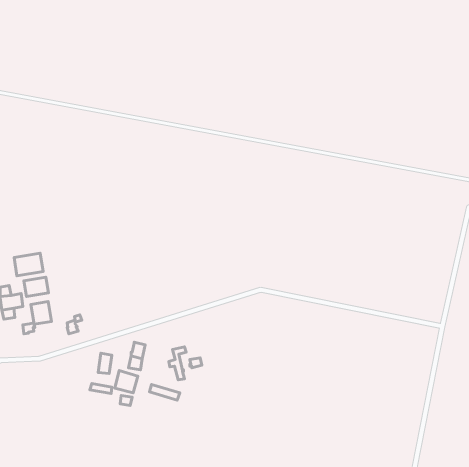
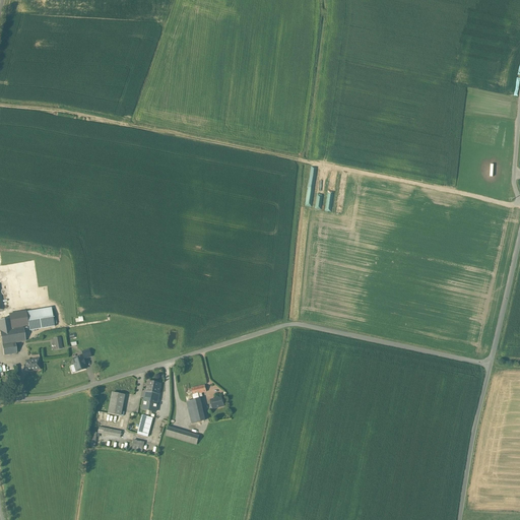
building: [14,253,43,276] -> none
building: [31,302,52,324] -> none

